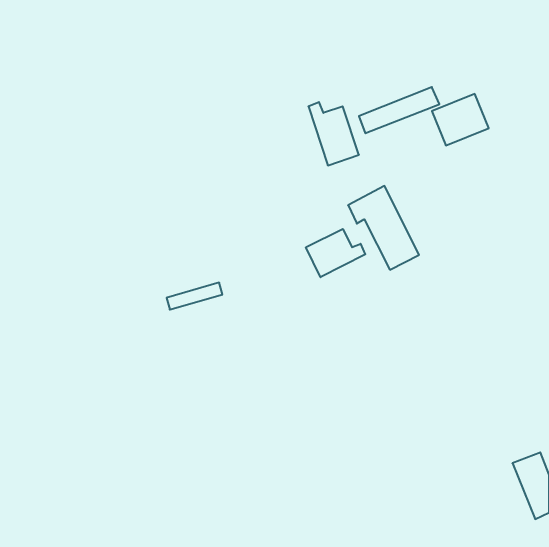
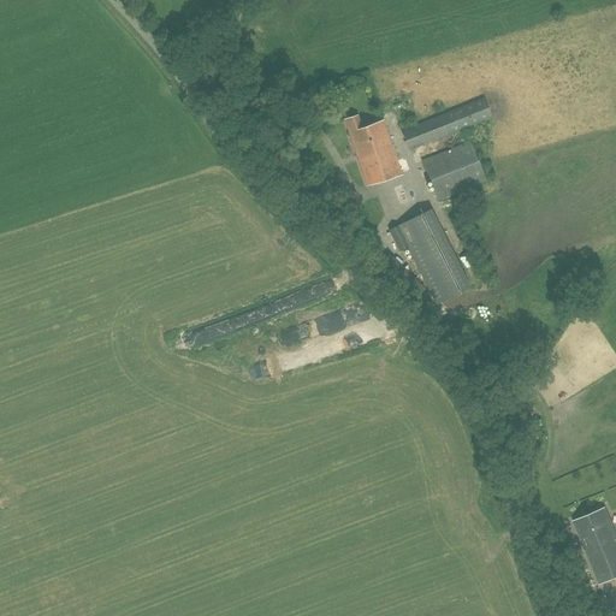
building: [432,94,489,145] -> [422,141,486,199]
building: [306,229,365,277] -> none

